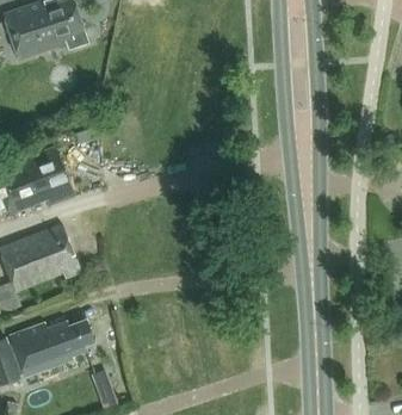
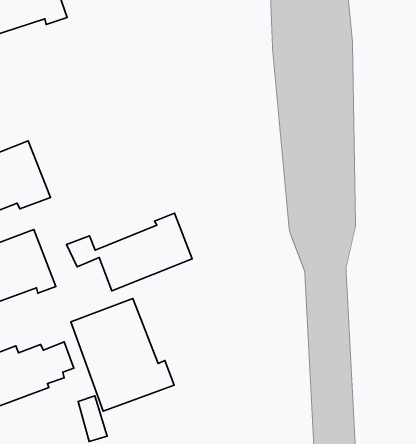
building: none -> [67,213,192,291]
building: none -> [71,298,174,411]

